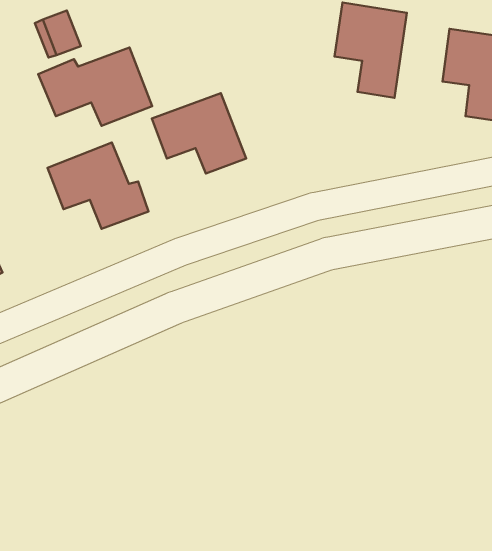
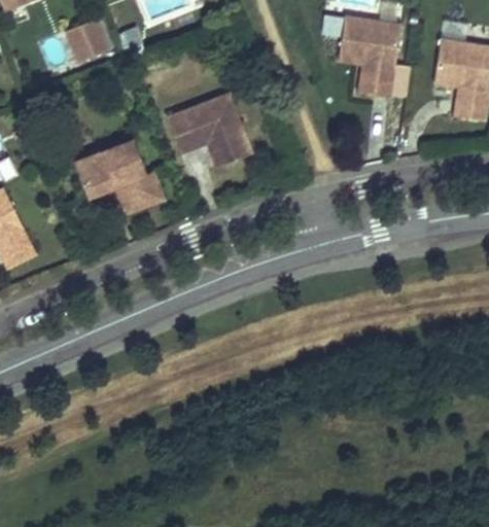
building: [38,48,152,126] -> none

